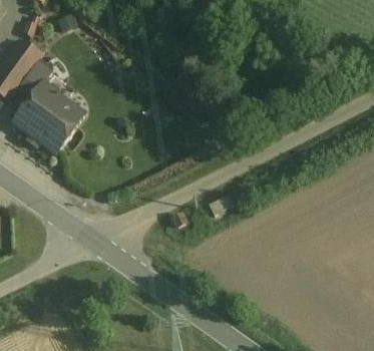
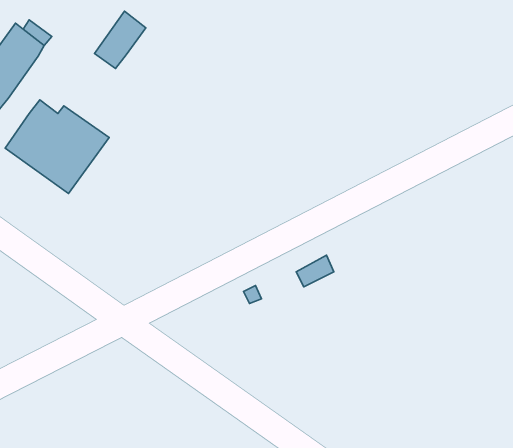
building: [16,60,50,98] -> [94,11,146,69]

